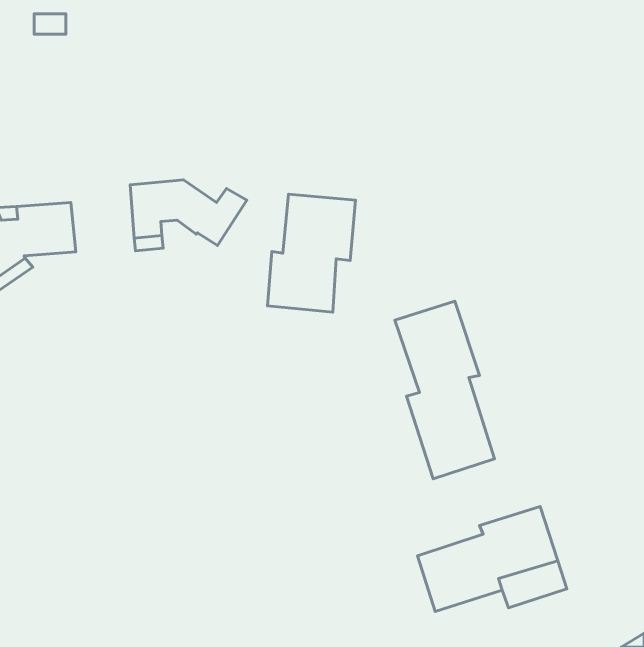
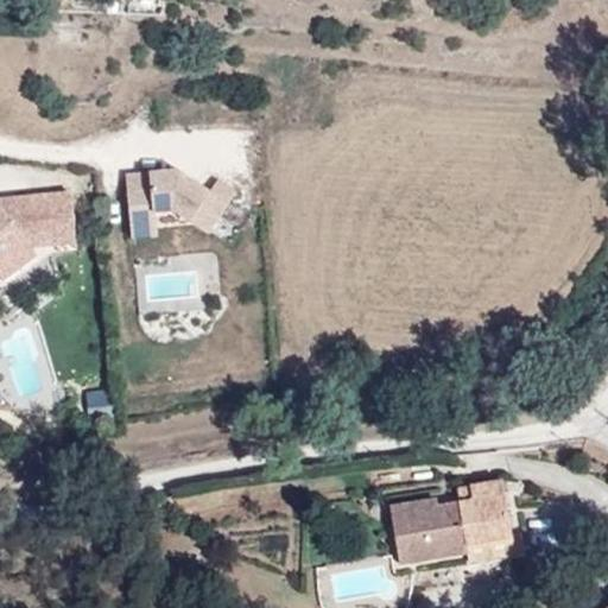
building: [268,194,356,312] -> none
building: [395,301,495,479] -> none

